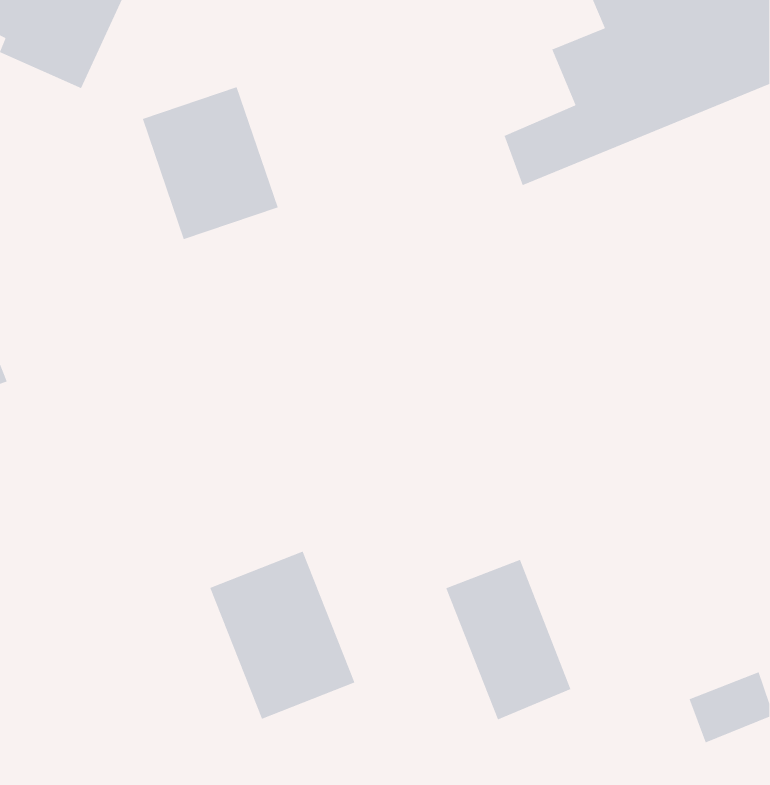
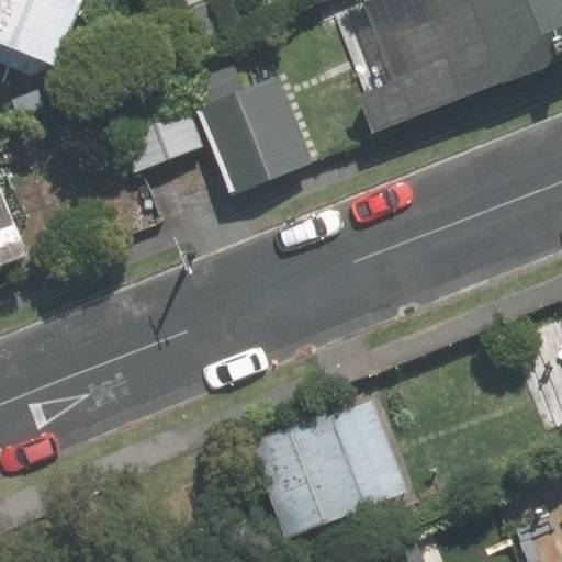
building: none -> [196,77,307,190]
building: [209,551,355,720] -> [249,419,353,540]

